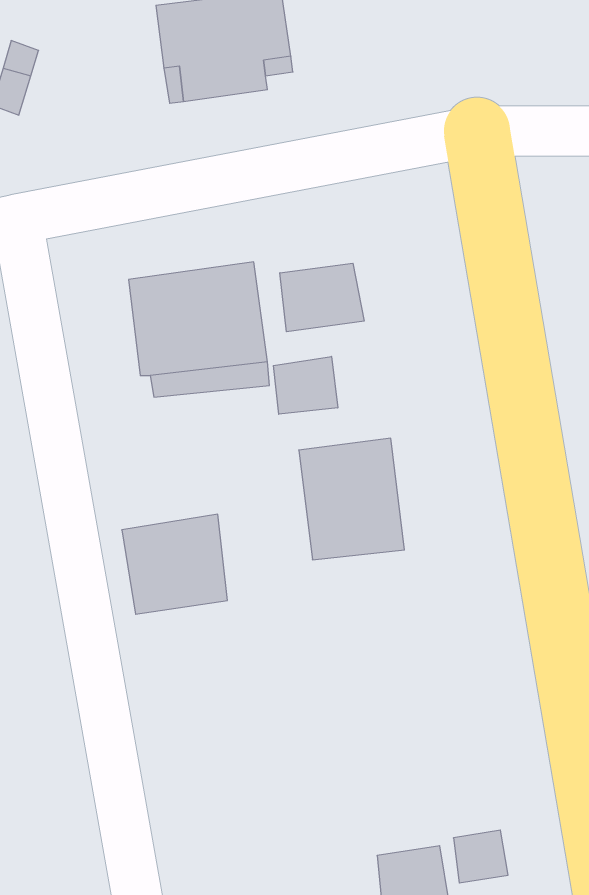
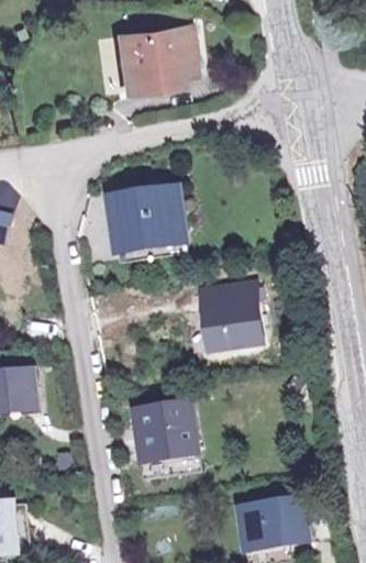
building: [280,263,364,332] -> none
building: [273,356,338,414] -> none
building: [122,514,227,614] -> [135,400,195,456]

